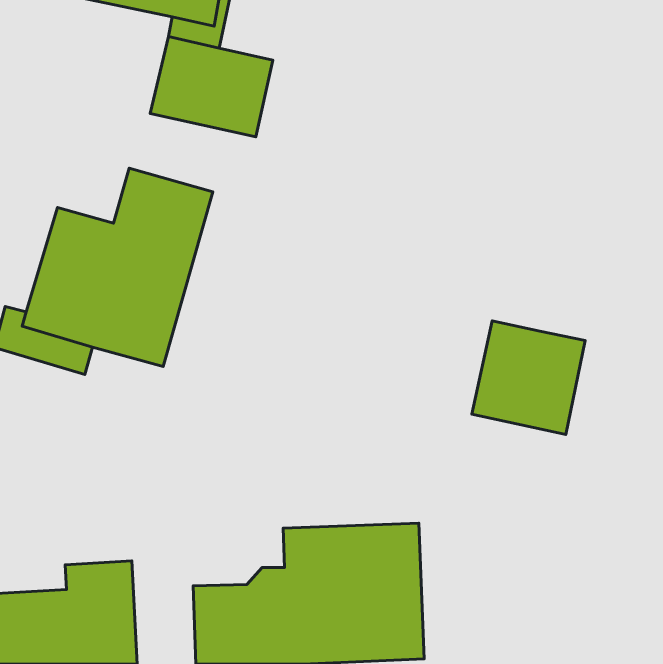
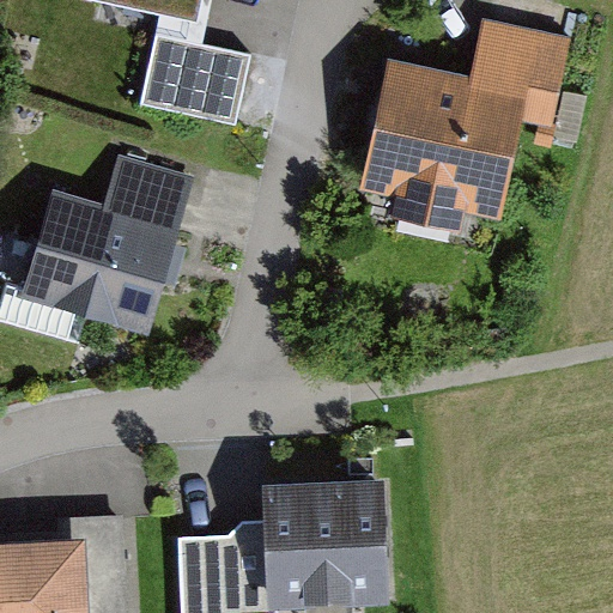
building: none -> [357,20,570,233]
building: [472,321,585,435] -> none

